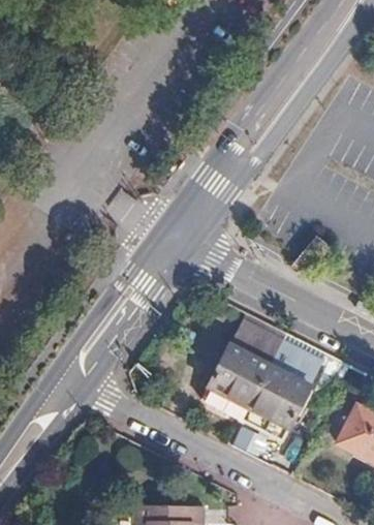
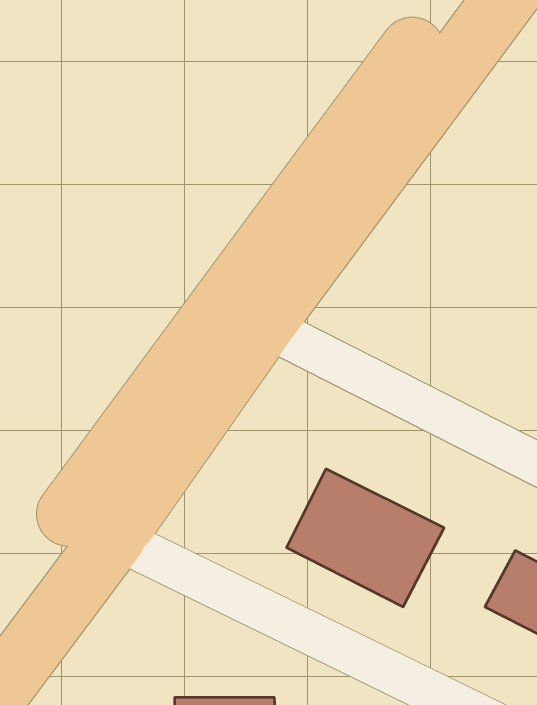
building: [229,316,324,388] -> none

